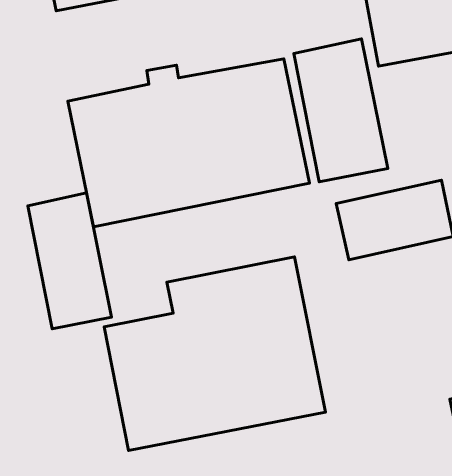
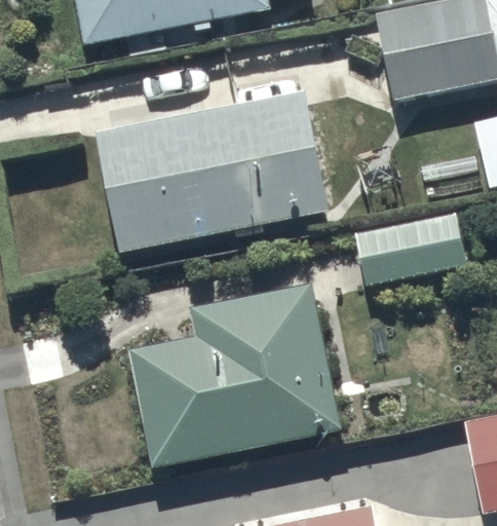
building: [294,39,388,182] -> none
building: [28,193,112,329] -> none

